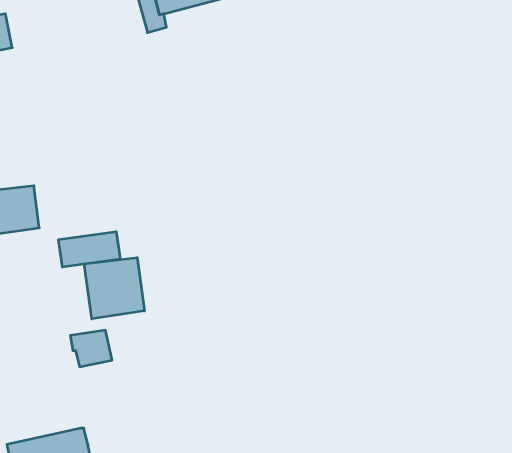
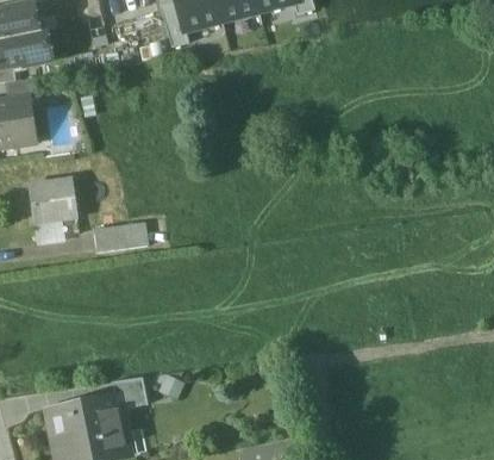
building: [84,258,144,319] -> none
building: [70,330,112,367] -> [111,377,148,409]

